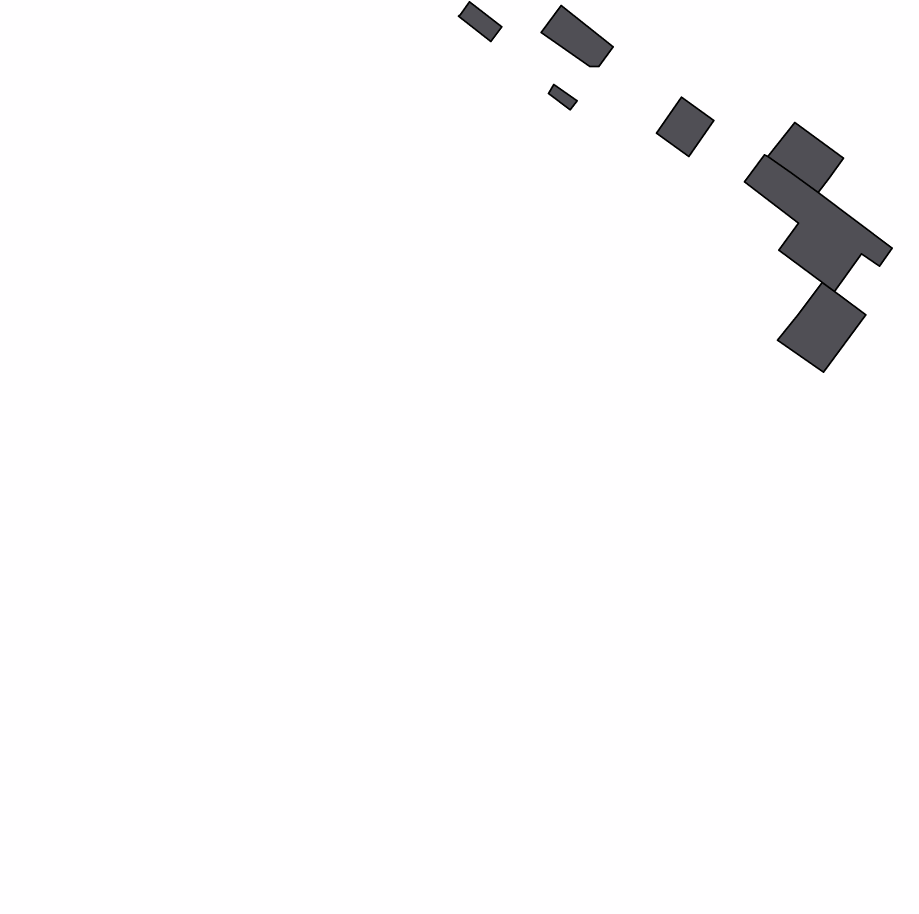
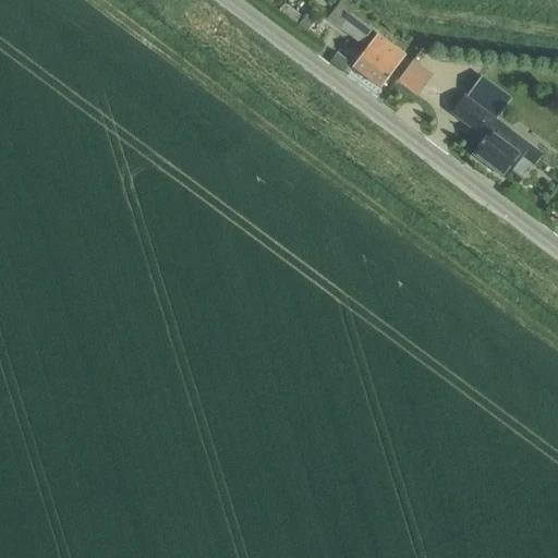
building: none -> [352,32,405,86]
building: [778,282,866,372] -> none

